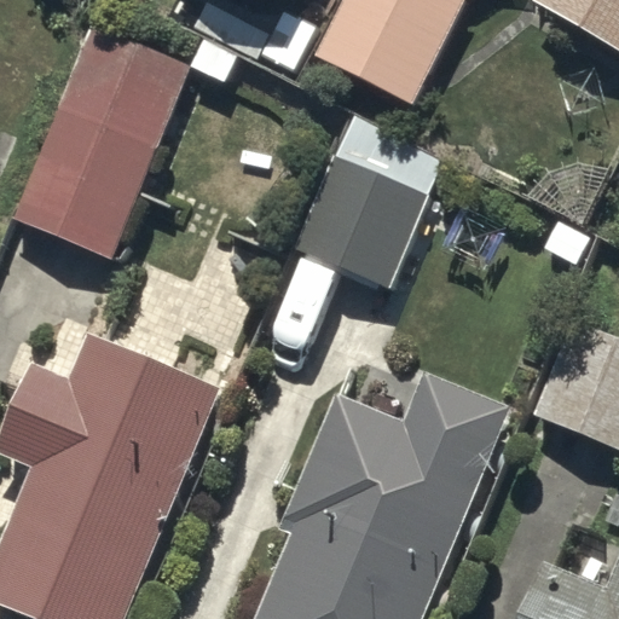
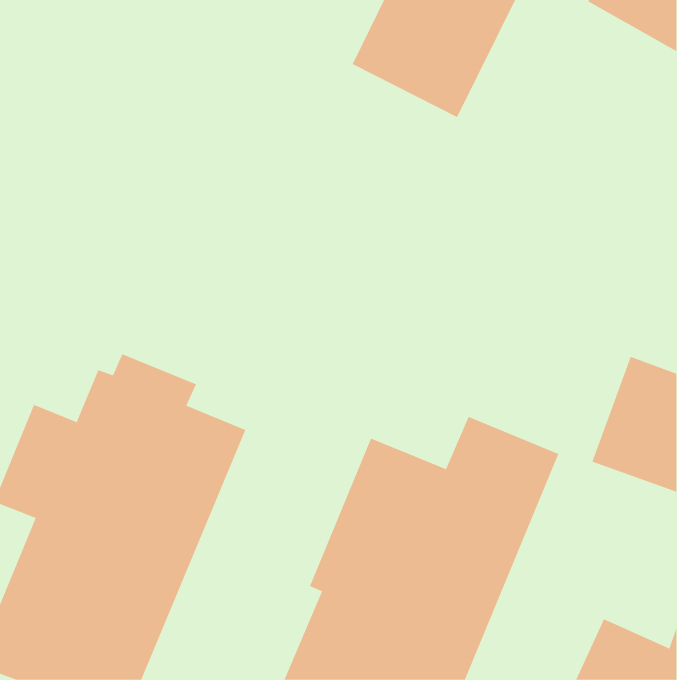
building: [13,34,189,259] -> none
building: [296,161,424,287] -> none

